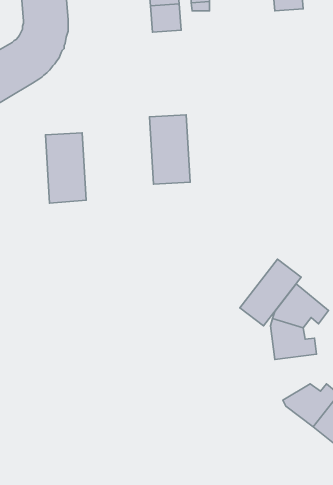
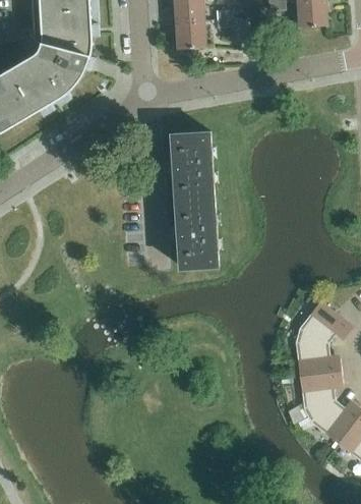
building: [45,133,86,203] -> [177,199,218,269]
building: [240,259,301,326] -> none
building: none -> [298,371,342,416]

